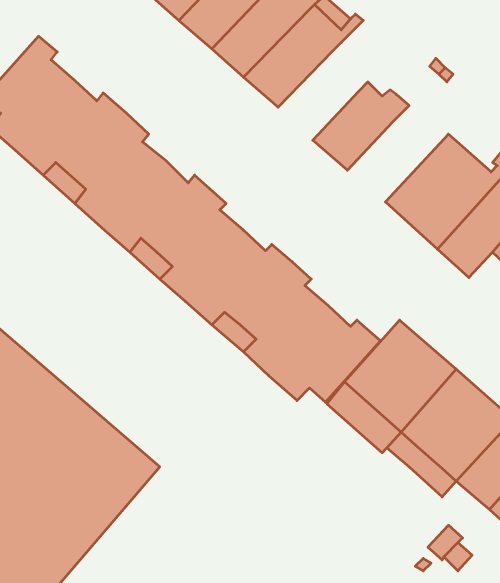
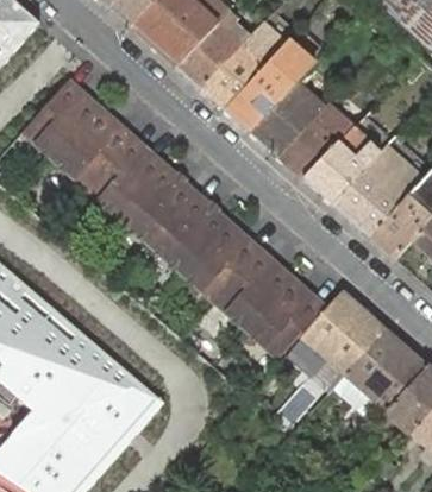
building: none -> [251,80,323,153]
building: none -> [303,130,380,200]

